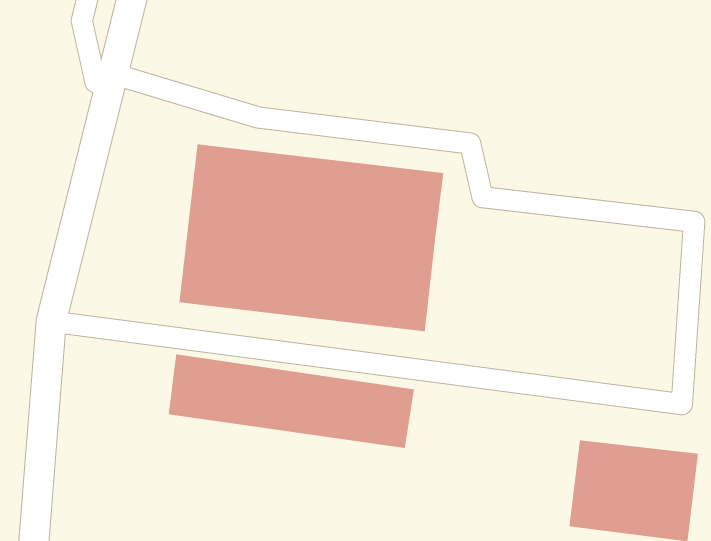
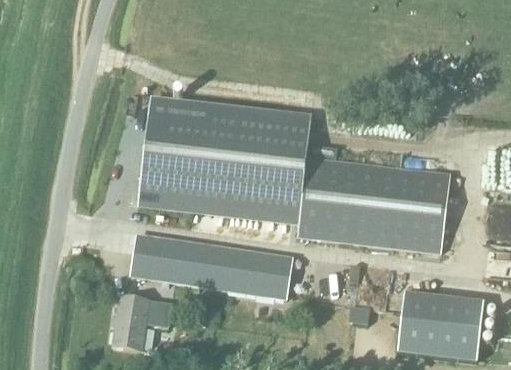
building: none -> [298,158,451,253]
building: none -> [113,296,173,352]

